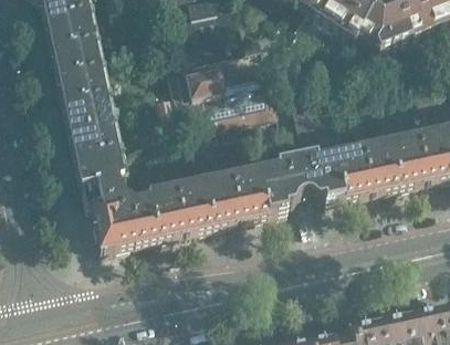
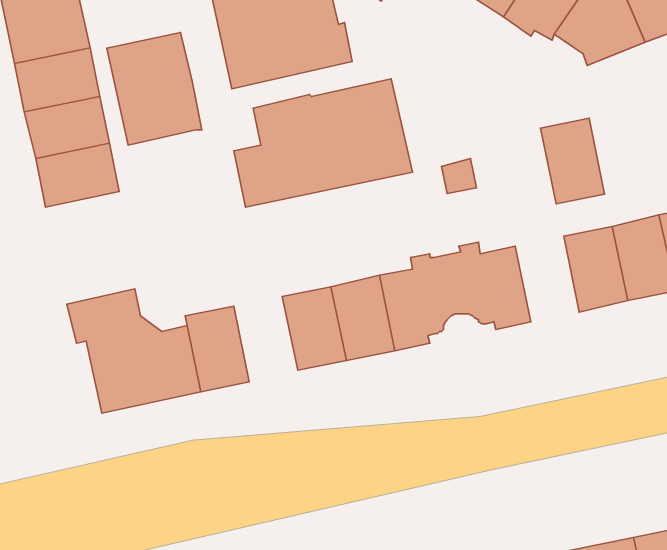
building: [70,119,124,184] -> [107,33,202,145]
building: [337,145,374,194] -> [541,118,605,204]
building: [177,179,213,228] -> none

